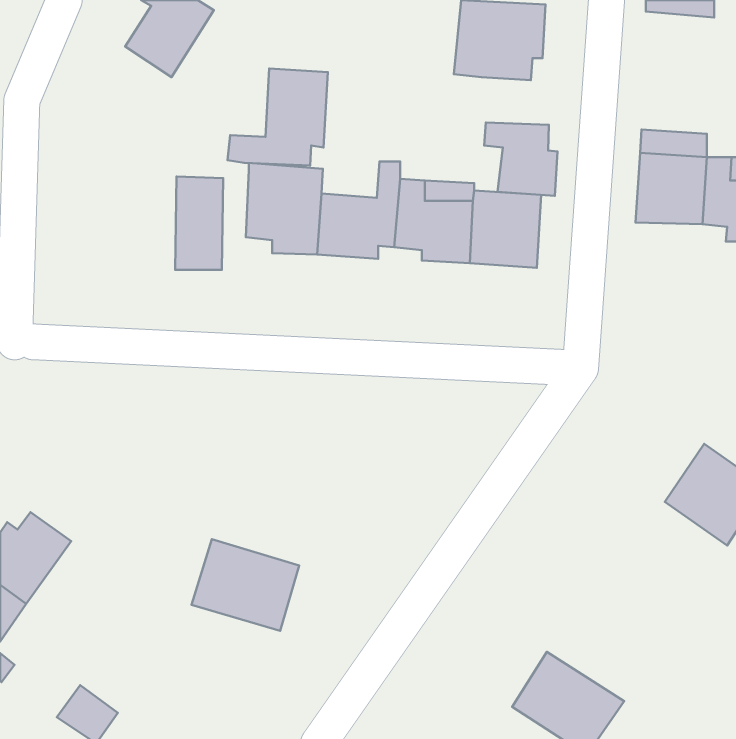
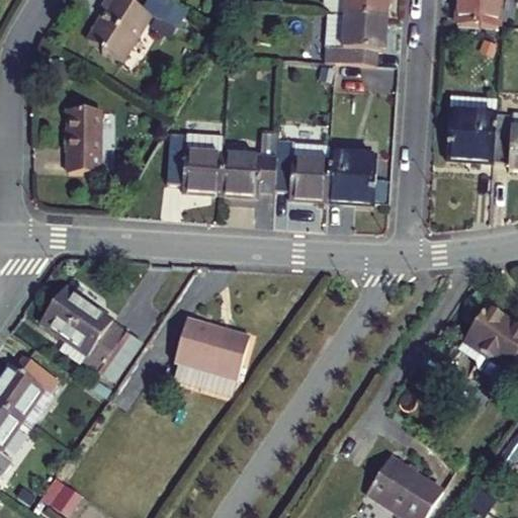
building: [227,69,328,165] -> none
building: [484,122,558,196] -> none
building: [175,177,223,270] -> [68,111,101,176]
building: none -> [44,286,125,372]
building: [192,539,299,631] -> [165,323,240,386]

